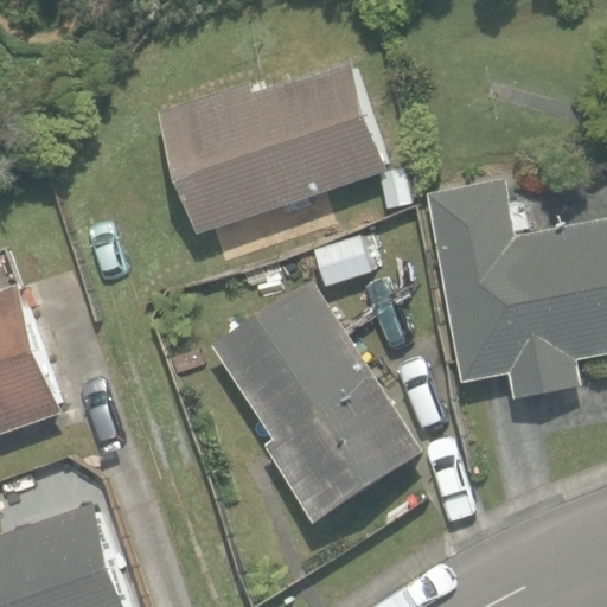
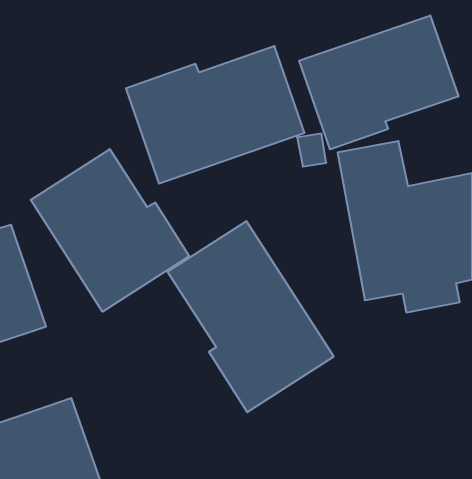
building: none -> [299,15,458,149]
building: none -> [31,149,189,312]

